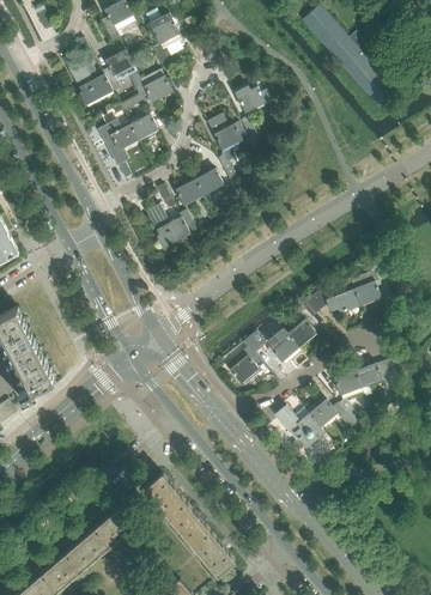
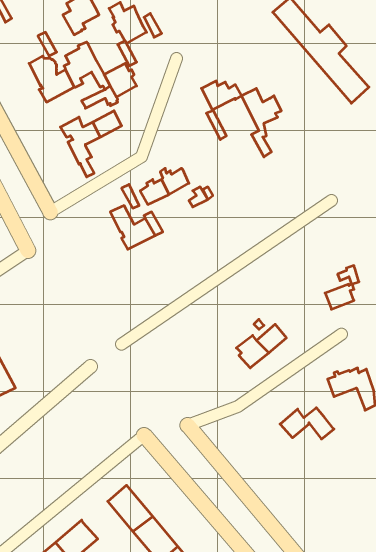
building: [207,114,245,180] -> [241,88,281,157]
building: [301,289,358,317] -> none
building: [225,332,265,382] -> none
building: [334,369,363,407] -> none
building: [273,405,324,449] -> none

